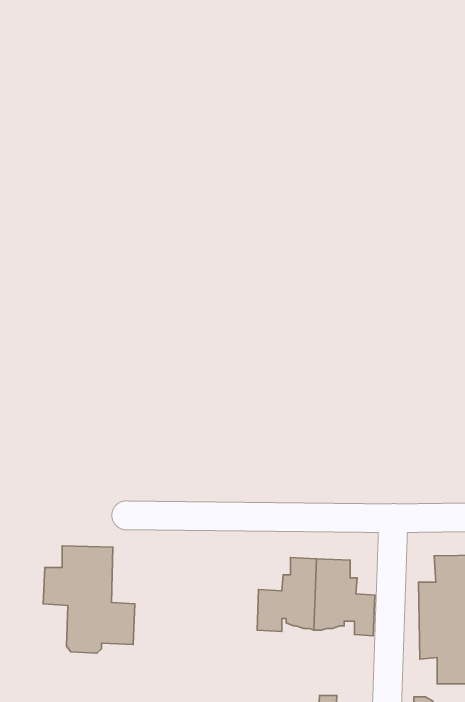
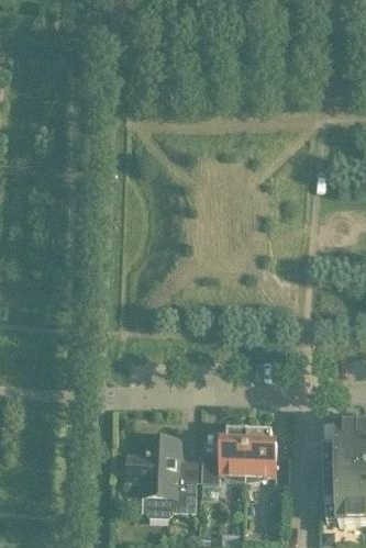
building: [43,546,135,653] -> [126,435,196,516]

